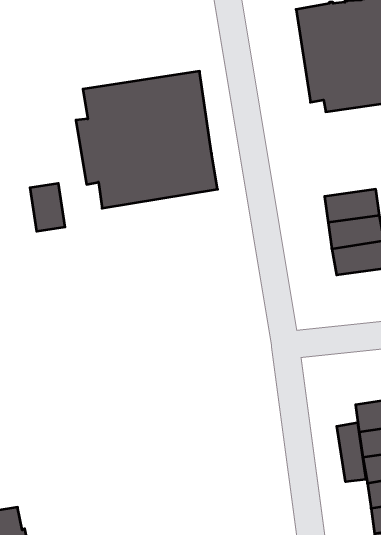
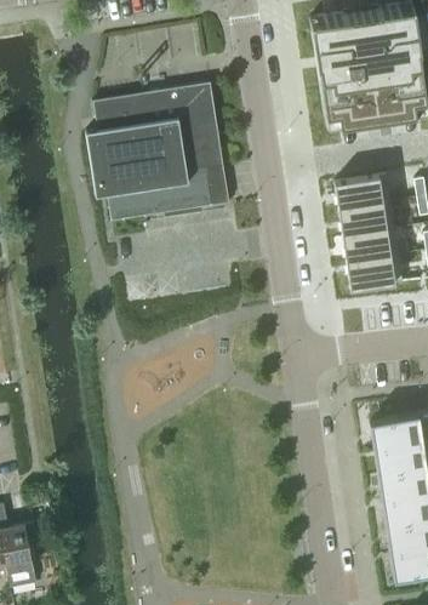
building: none -> [335,175,392,210]
building: [30,183,65,231] -> none
building: [337,422,366,482] -> none

